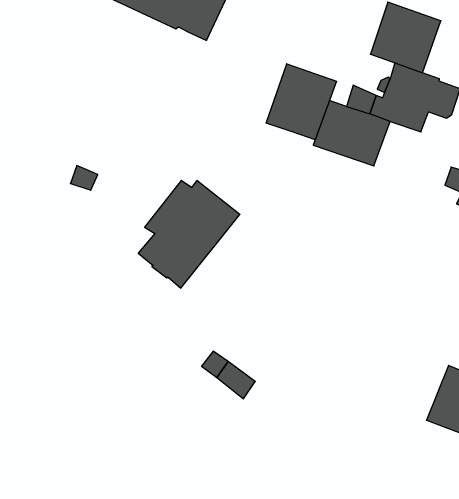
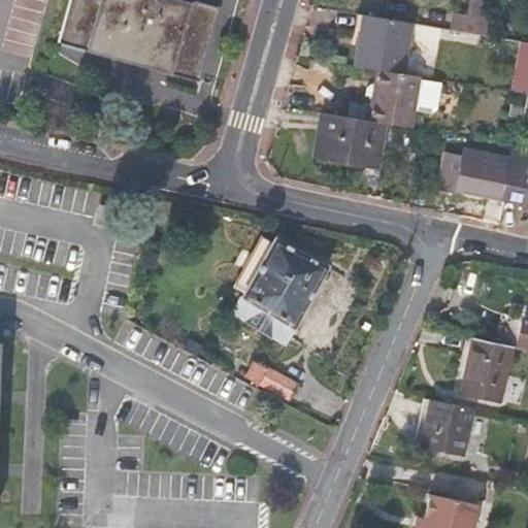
building: [266,64,336,140] -> none
building: [138,180,240,288] -> [239,241,327,342]
building: none -> [422,398,474,457]

